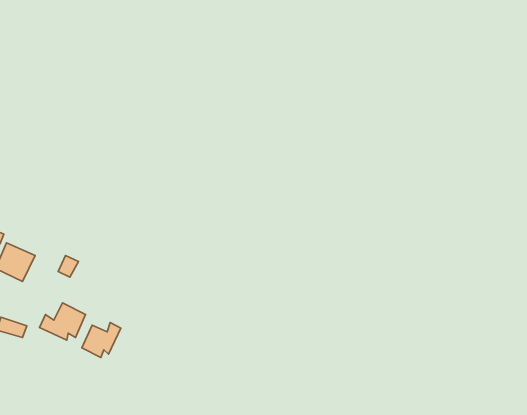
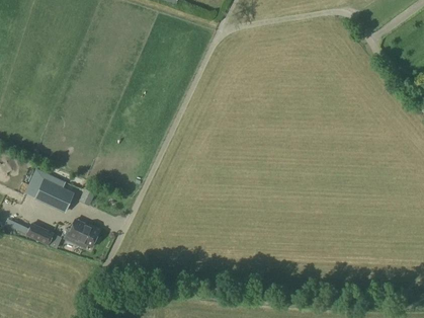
building: [82,323,121,357] -> none

